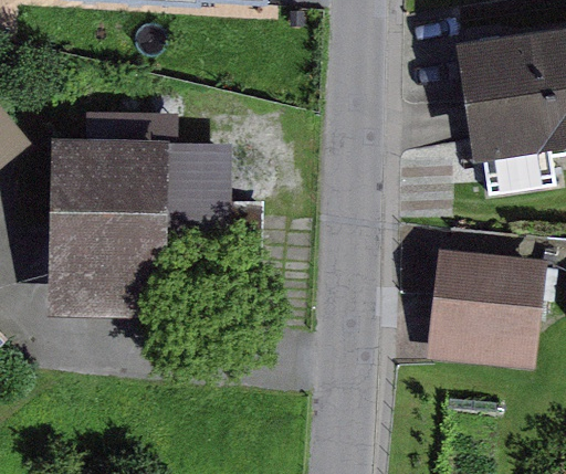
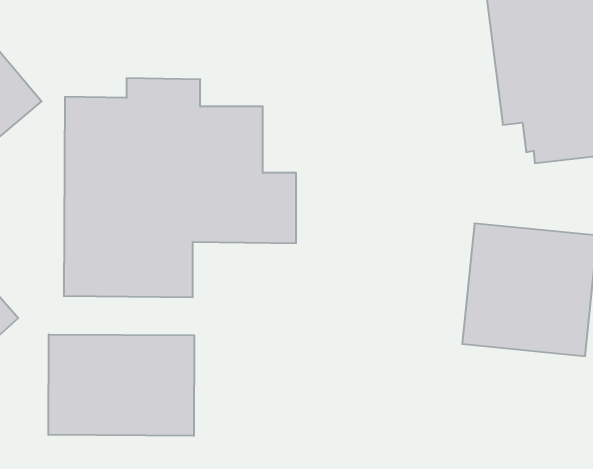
building: none -> [48,334,194,436]

